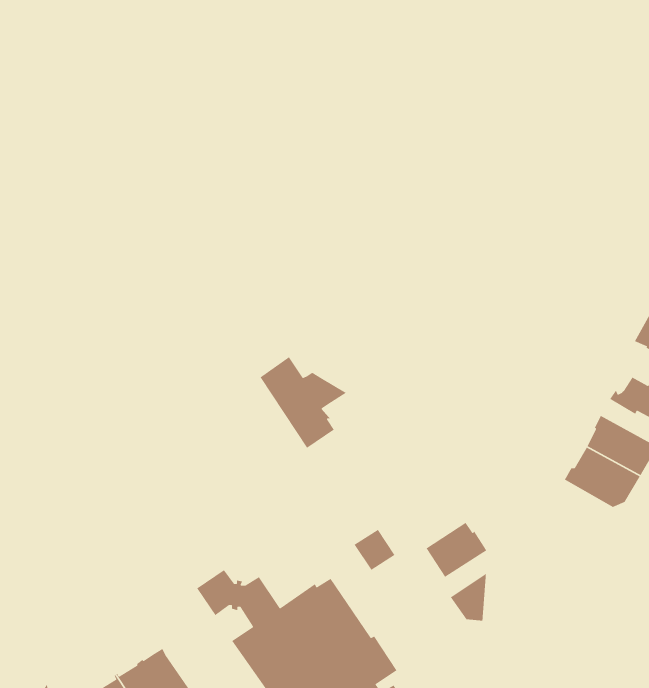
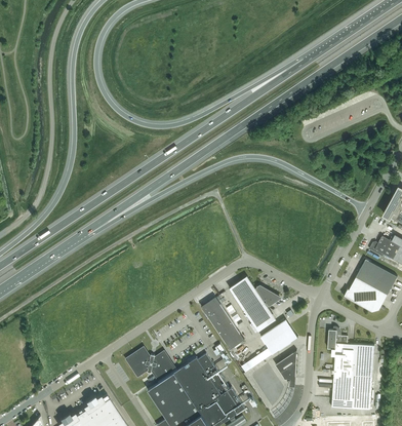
building: [260,356,347,449] -> [230,277,281,332]
building: none -> [201,298,234,335]
building: none -> [328,327,374,411]

